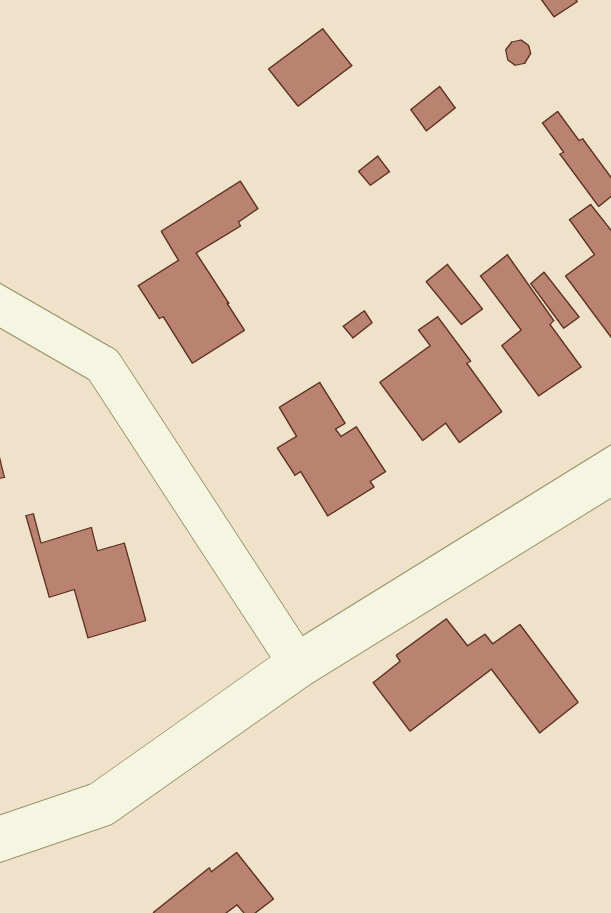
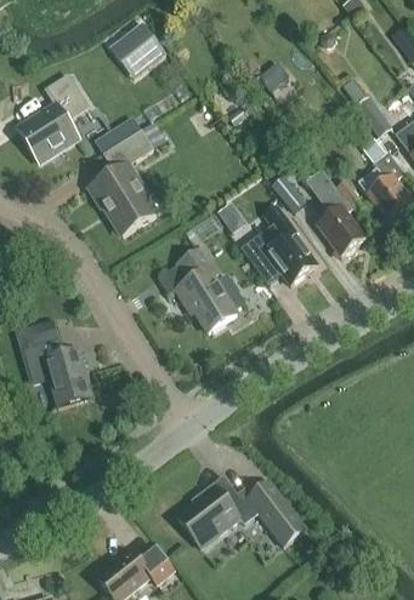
building: [269,29,352,106] -> [109,23,161,72]
building: none -> [18,74,89,161]
building: [373,619,578,733] -> [177,476,306,548]

